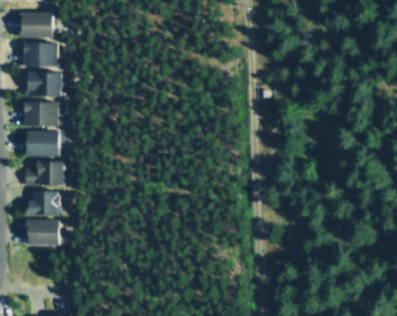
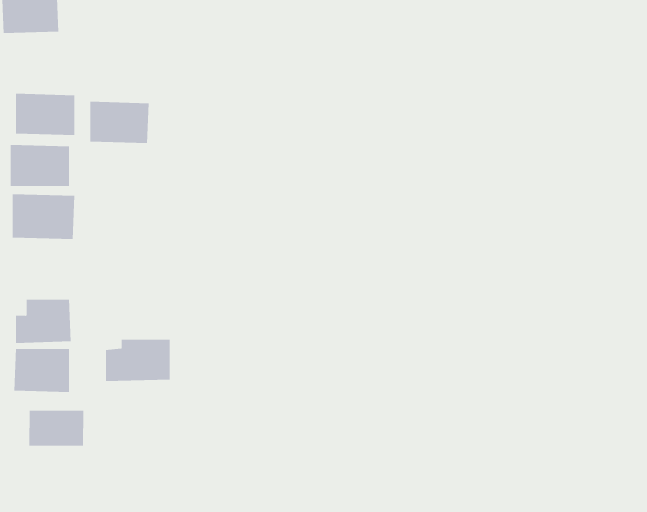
building: [24,43,59,67] -> [90,101,150,144]
building: [27,162,64,187] -> [105,339,170,382]
building: none -> [29,410,84,446]

